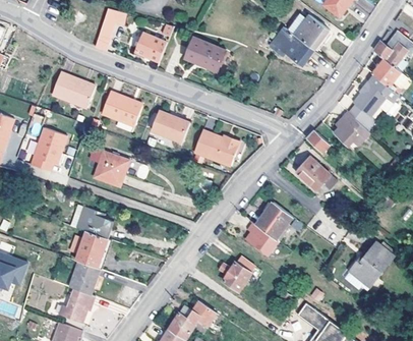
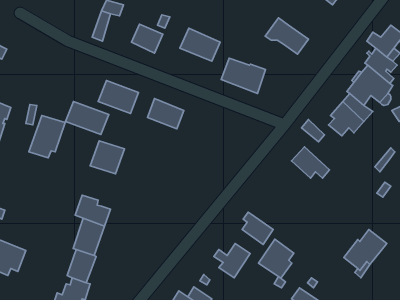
building: [293,15,328,49] -> none
building: [51,72,95,106] -> [66,101,109,135]
building: [192,129,237,165] -> [221,58,265,94]
building: [255,202,291,241] -> [259,239,294,278]

